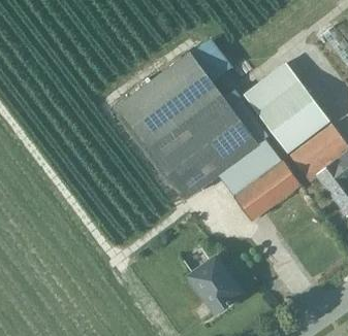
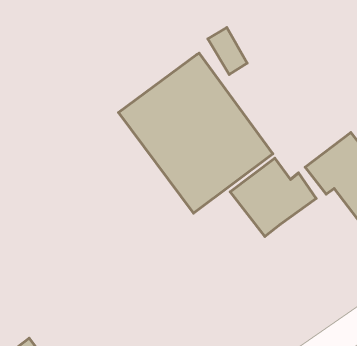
building: [243,63,328,153] -> none
building: [189,259,239,313] -> none

